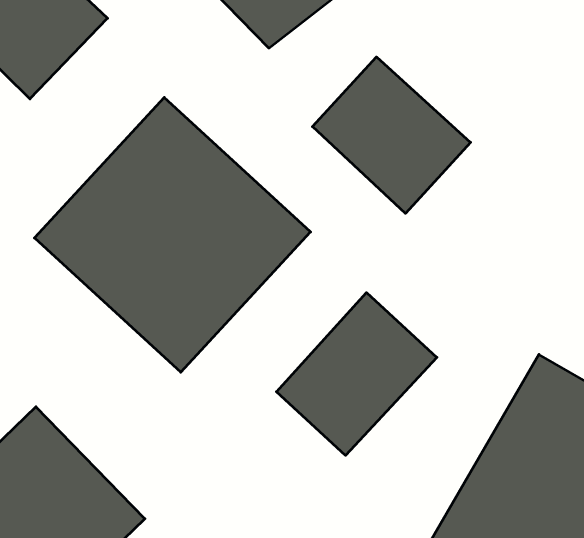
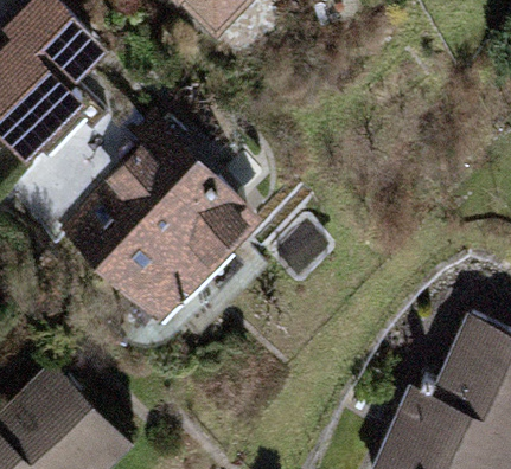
building: [312,57,471,213] -> none
building: [276,293,437,455] -> none

